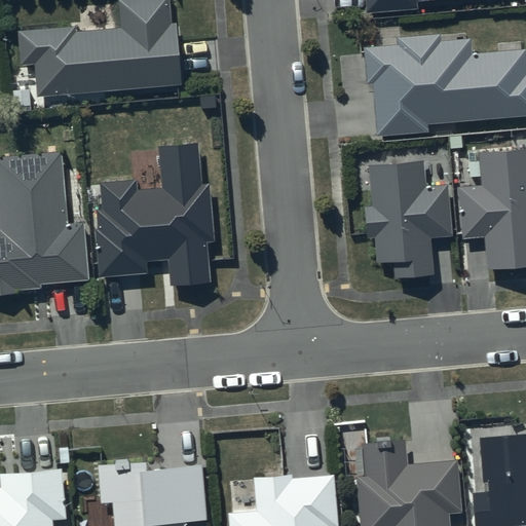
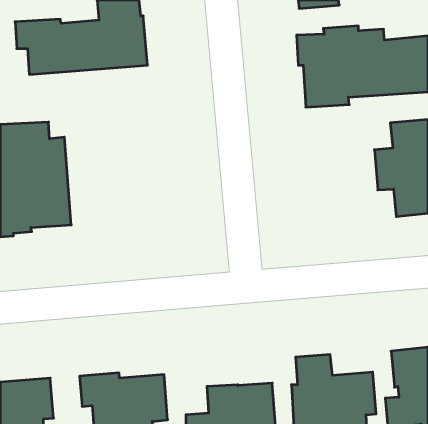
building: [96,140,213,284] -> none
building: [365,162,450,277] -> none

